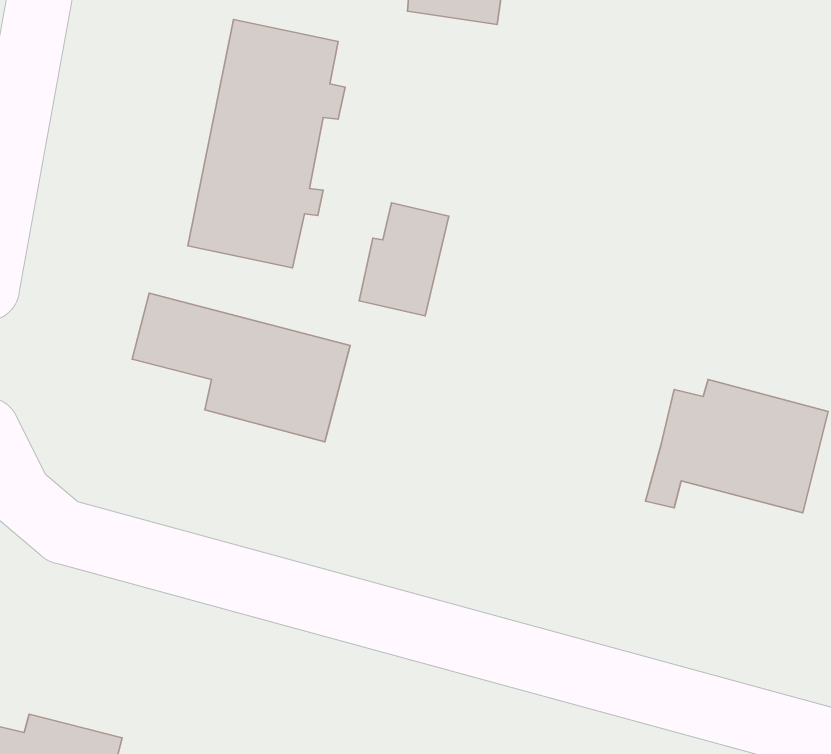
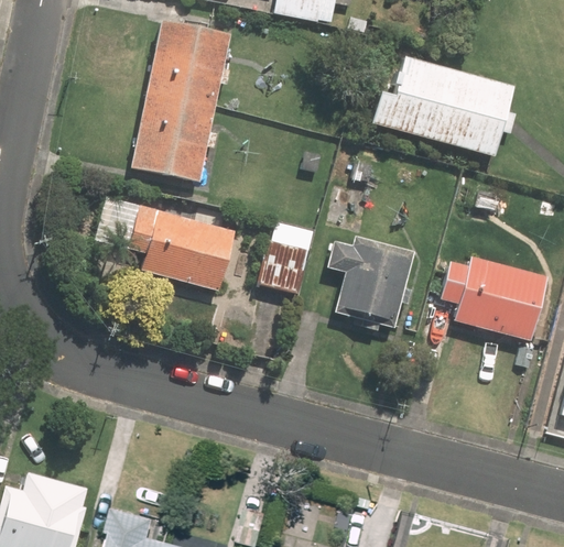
building: none -> [372,56,517,158]
building: [359,203,449,316] -> [256,220,314,294]
building: none -> [327,233,413,319]

